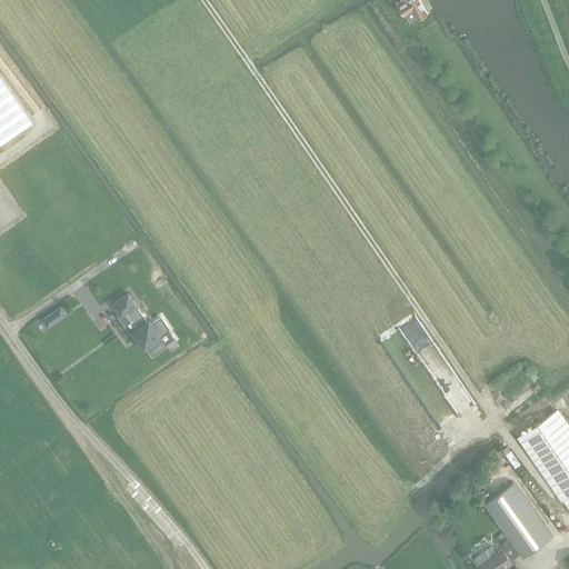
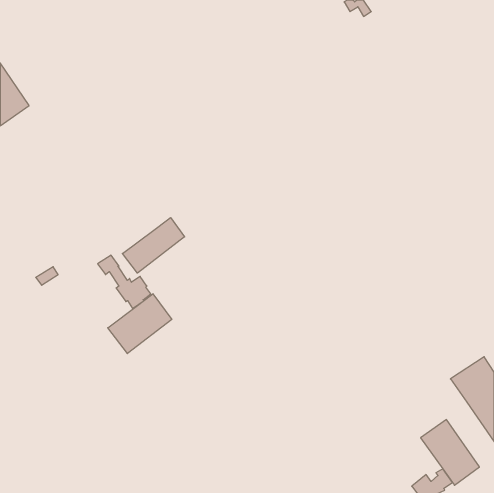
building: none -> [122,218,185,273]
building: none -> [108,294,172,354]

